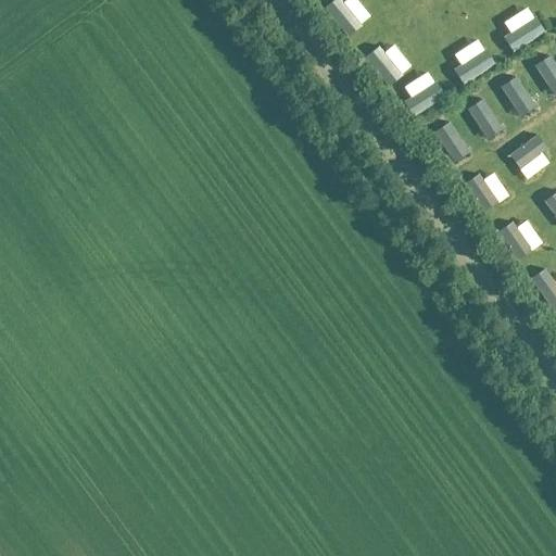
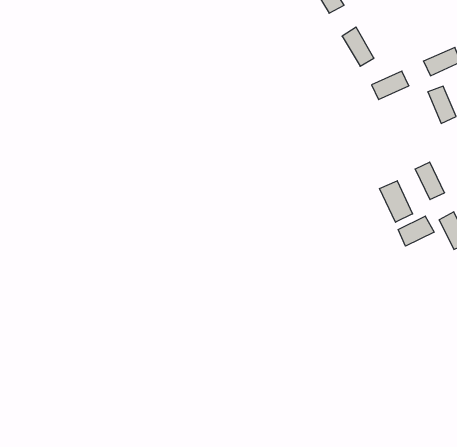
building: [430,114,464,153] -> none
building: none -> [379,181,413,222]
building: none -> [398,216,434,246]

